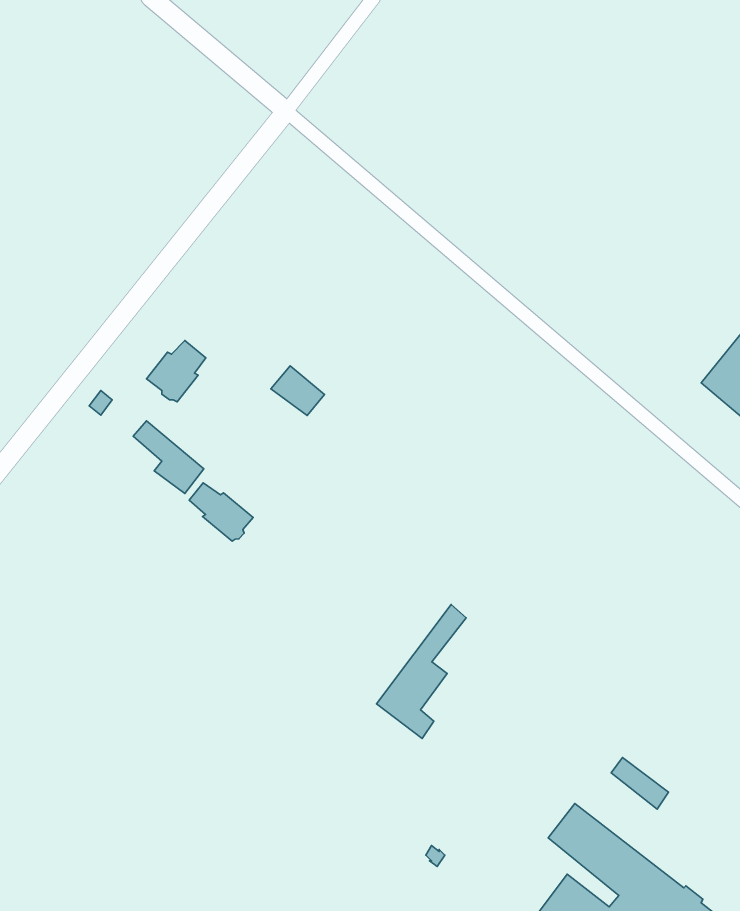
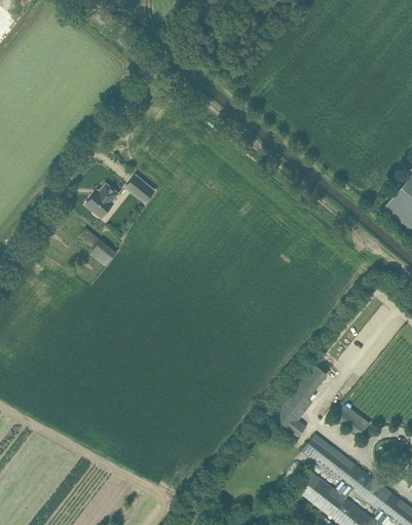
building: [271,366,325,415] -> [125,175,154,201]
building: [189,483,253,541] -> none
building: [376,605,466,738] -> [273,364,322,436]

